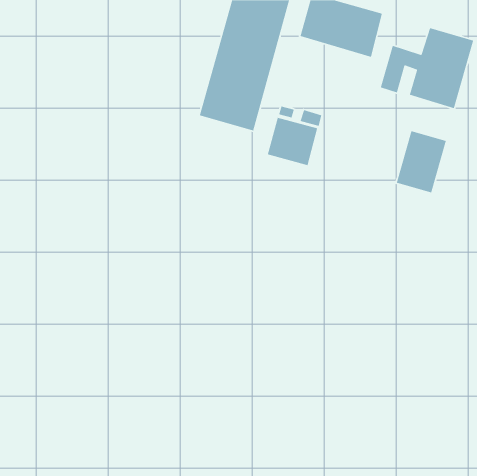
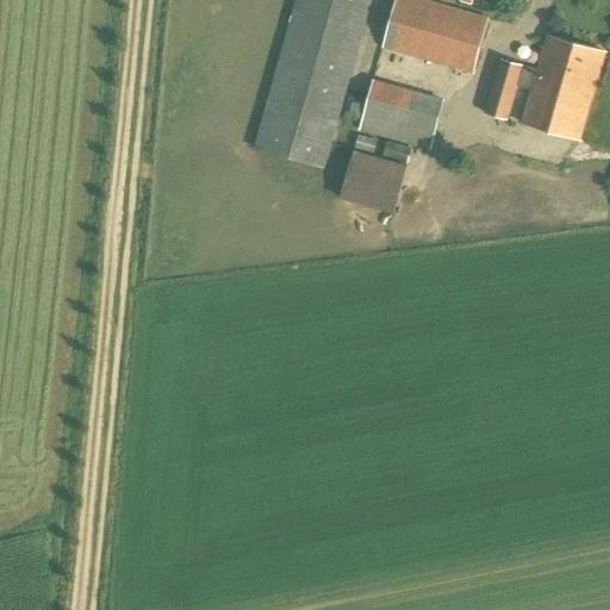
building: none -> [360,79,443,148]
building: [396,130,447,194] -> none

